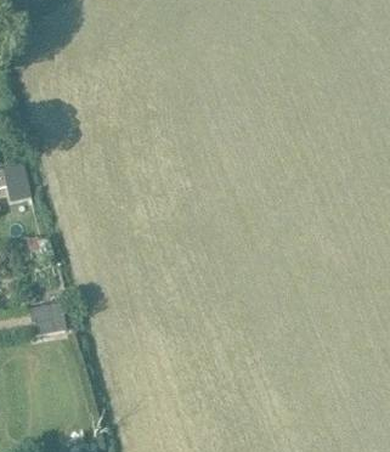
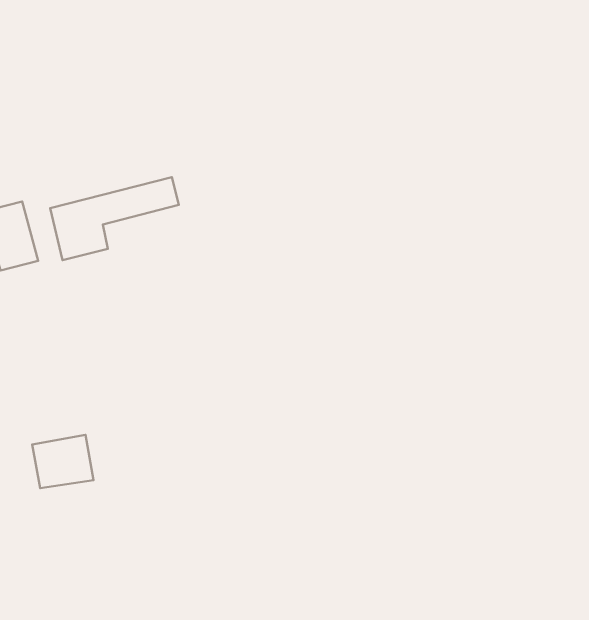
building: none -> [50,177,179,260]

